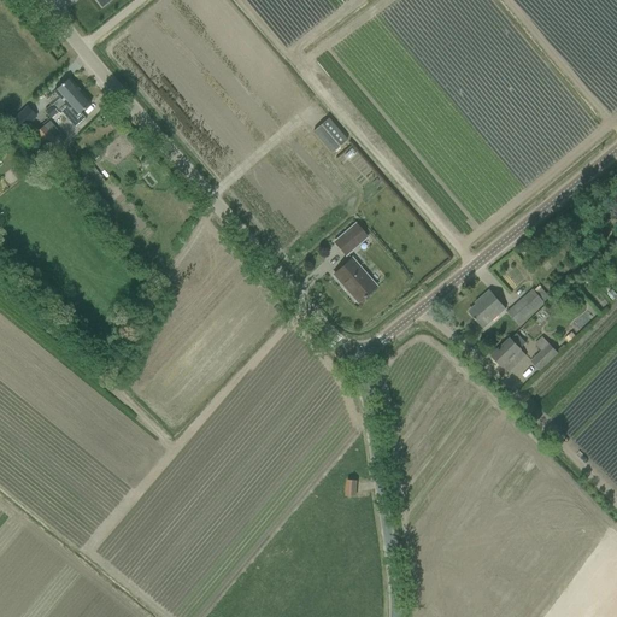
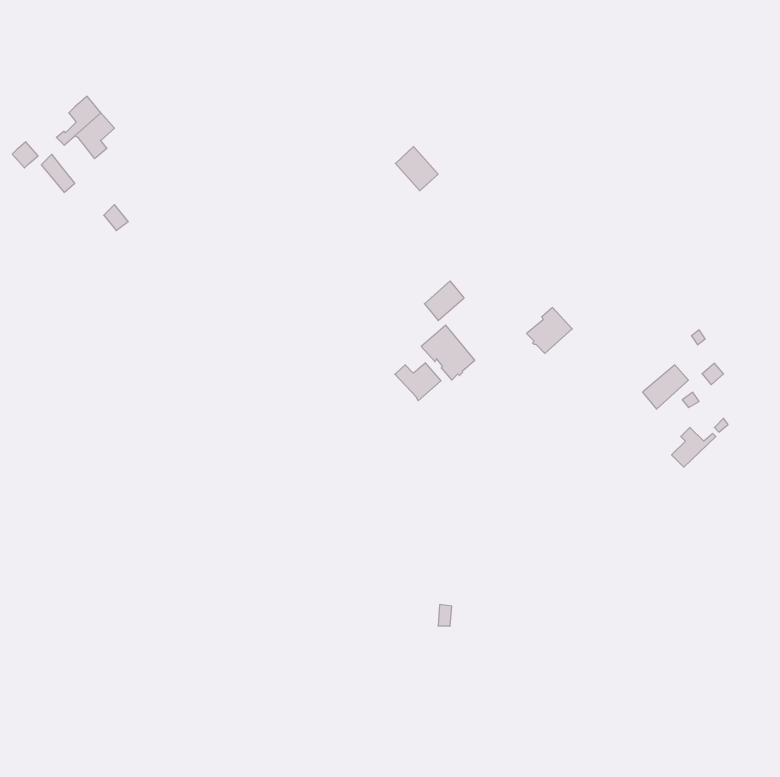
building: none -> [395,363,441,401]
building: [469,289,505,325] -> [527,308,572,353]
building: [492,337,525,371] -> none

